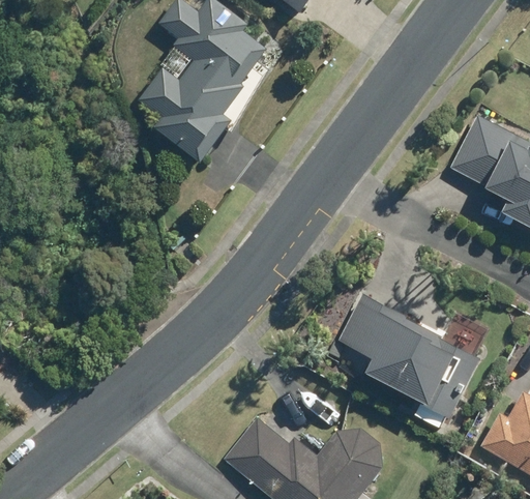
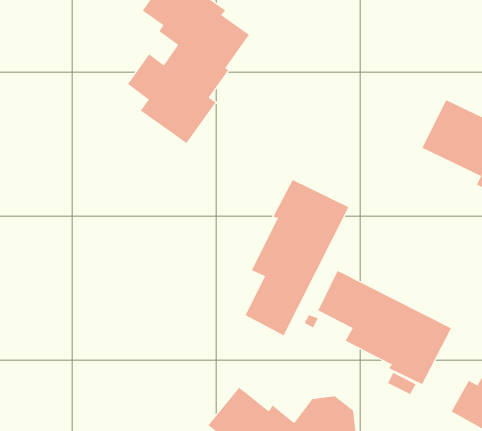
building: none -> [245,179,349,336]

